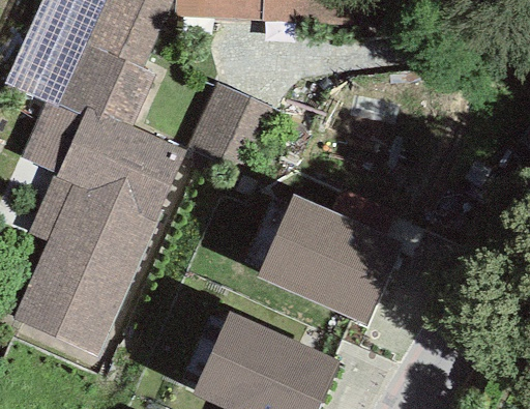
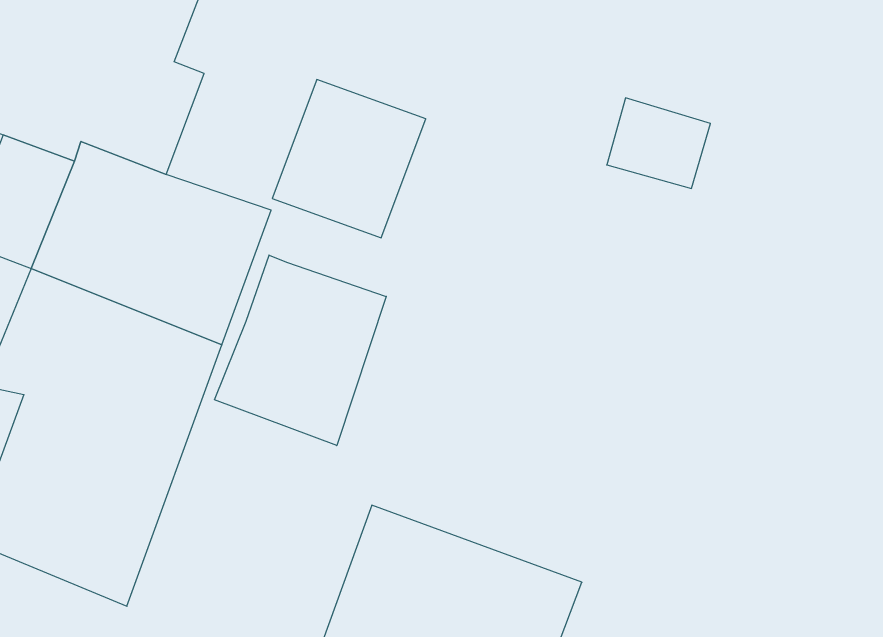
building: none -> [214,255,386,446]
building: [256,196,402,325] -> none

